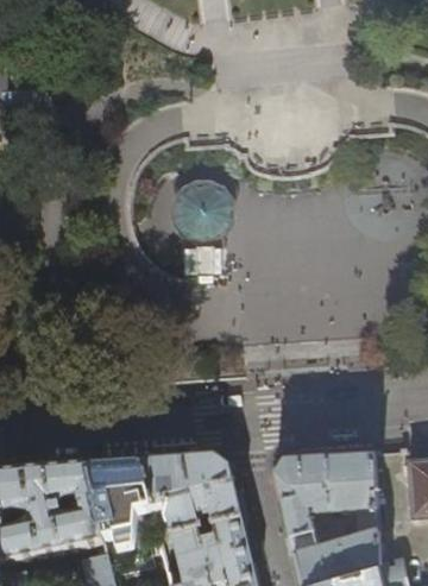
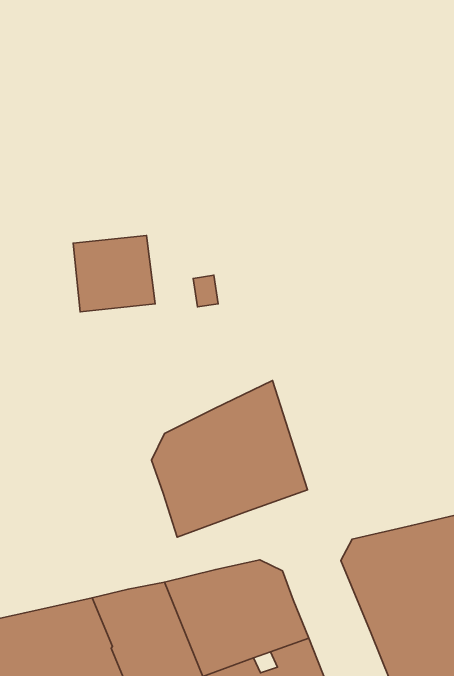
building: [180,178,237,232] -> [73,235,155,312]
building: none -> [151,380,307,537]

